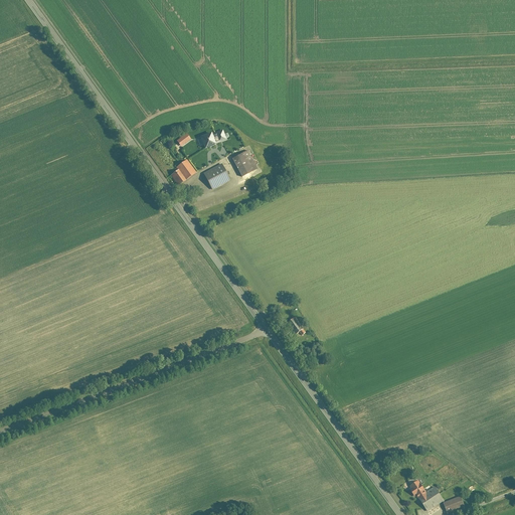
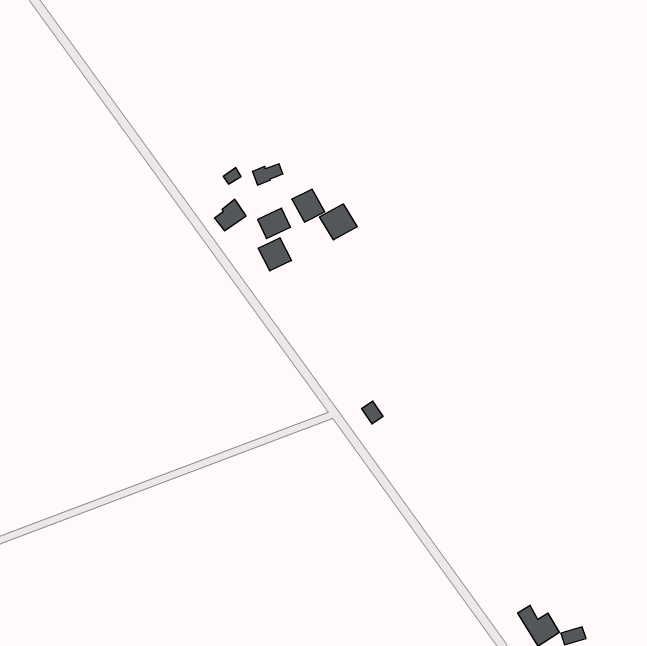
building: none -> [320,204,357,240]
building: none -> [258,238,292,271]

